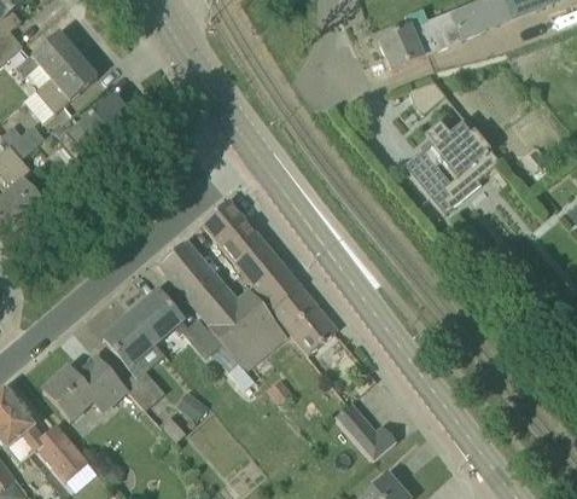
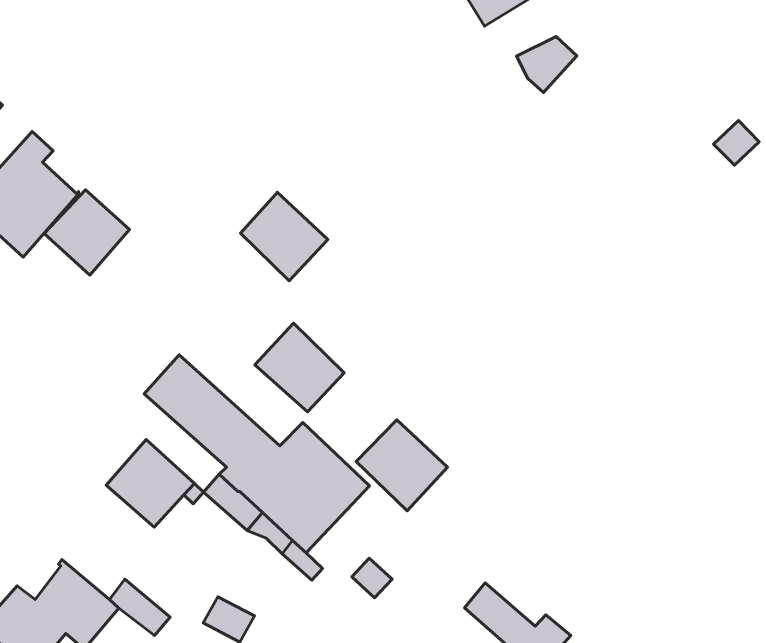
building: [404,120,500,213] -> none
building: none -> [44,190,129,275]
building: [203,199,255,254] -> [241,192,328,281]
building: [256,266,309,320] -> none
building: [103,314,155,366] -> none

